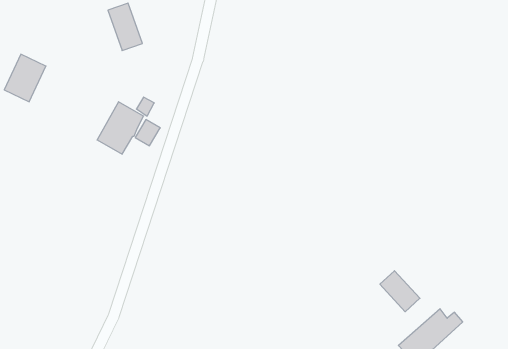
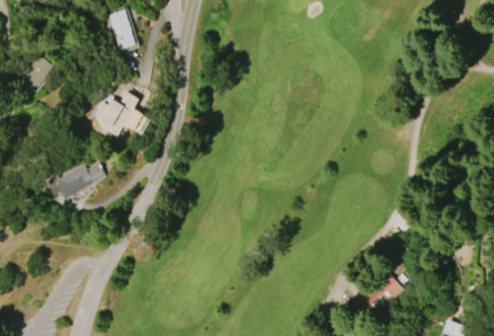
building: none -> [43,162,107,200]
building: [380,271,420,312] -> none

